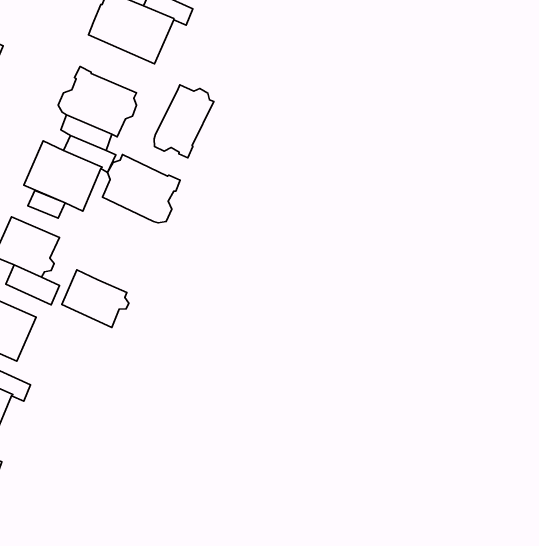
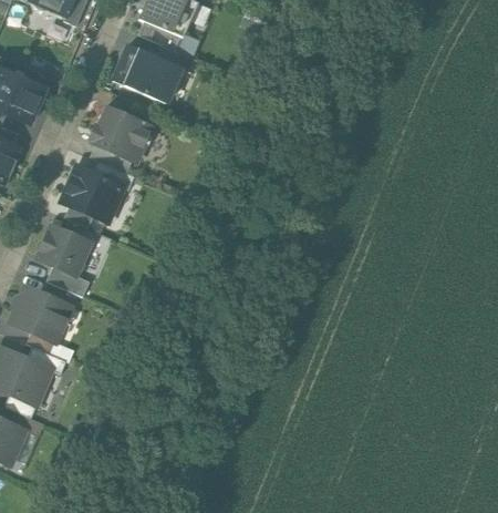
building: [154,85,214,158] -> none
building: [102,154,180,223] -> none
building: [62,270,129,327] -> none

